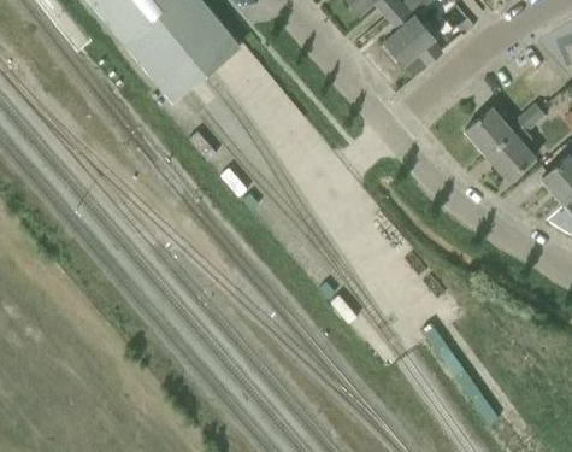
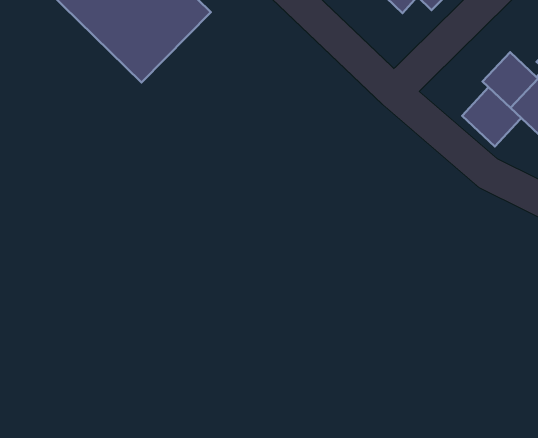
building: none -> [462,87,521,147]

